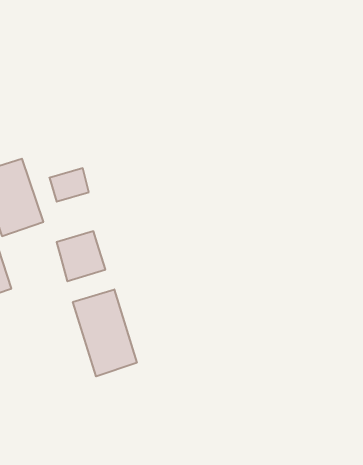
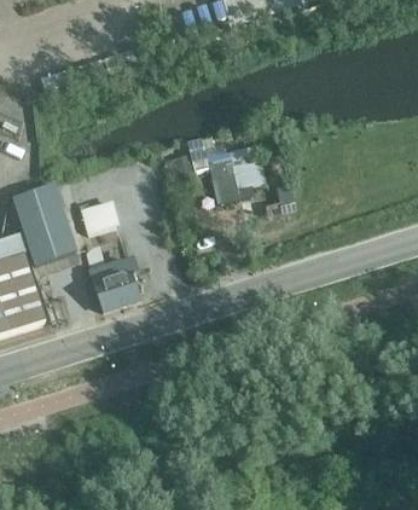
building: none -> [207,140,263,198]
building: [73,289,137,376] -> none

